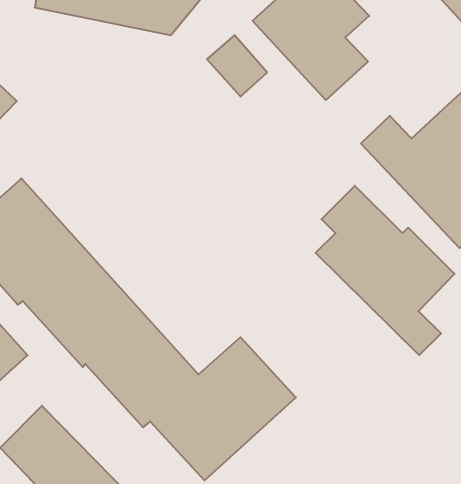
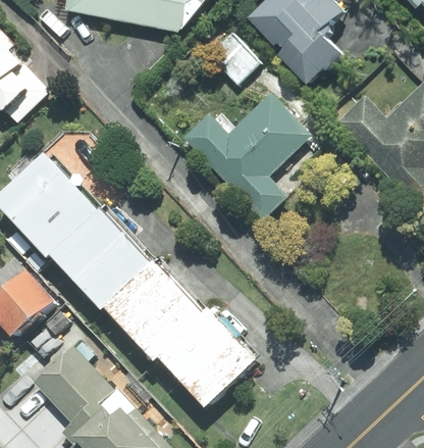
building: none -> [183,89,313,219]
building: [316,186,455,355] -> none

